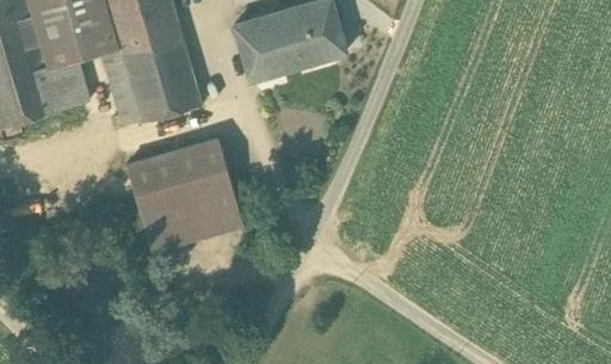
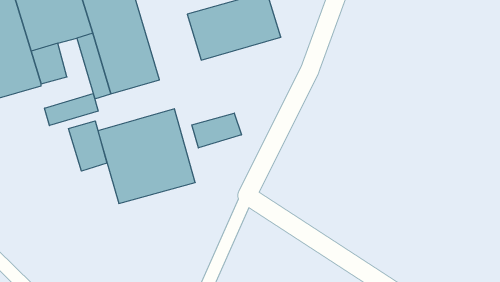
building: none -> [45,94,98,126]
building: none -> [192,113,241,148]
building: none -> [68,121,107,171]

